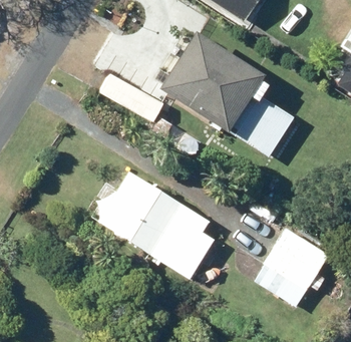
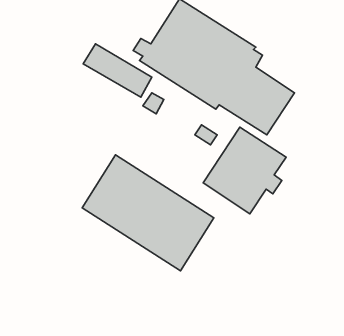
building: [255,228,330,306] -> [203,127,286,214]

